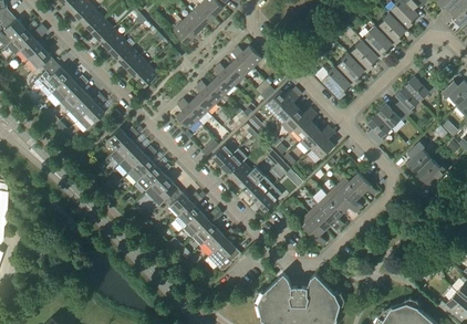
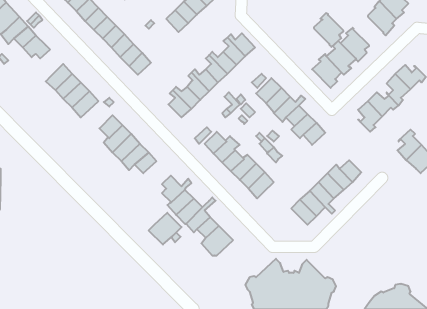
building: [363,25,393,60] -> [314,13,343,47]
building: [38,61,70,93] -> none
building: [145,174,178,206] -> [149,213,182,245]

